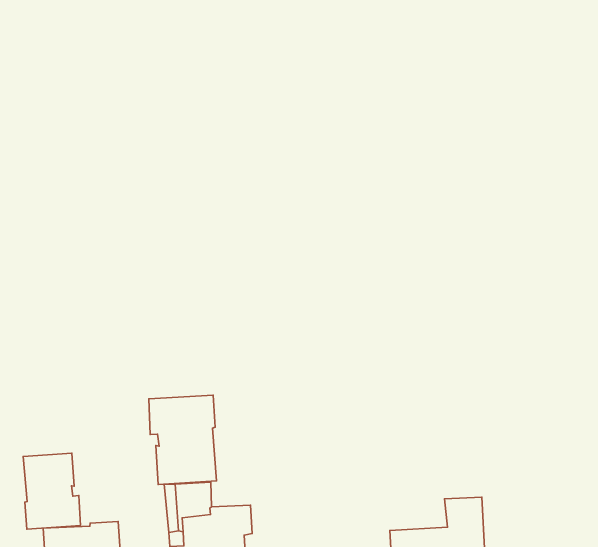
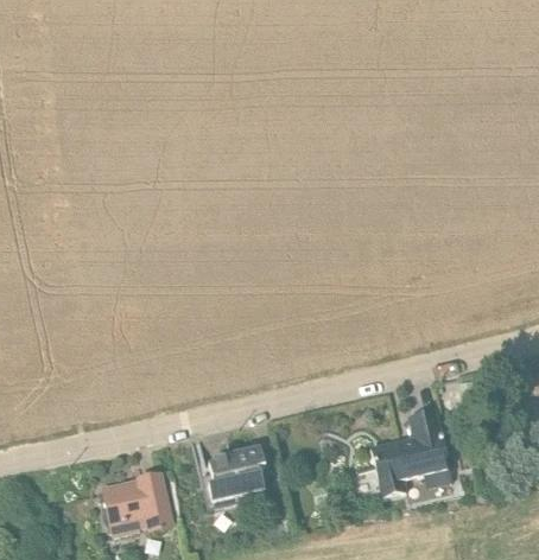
building: [149,395,217,484] -> none
building: [23,453,80,529] -> none

